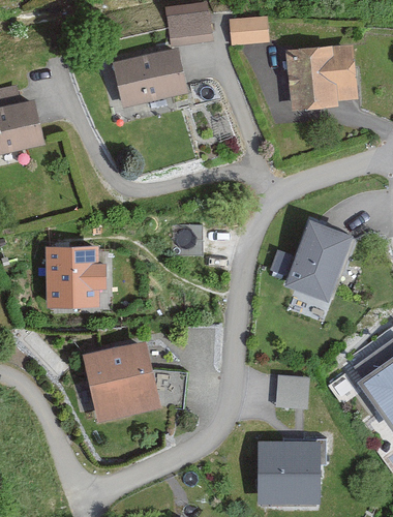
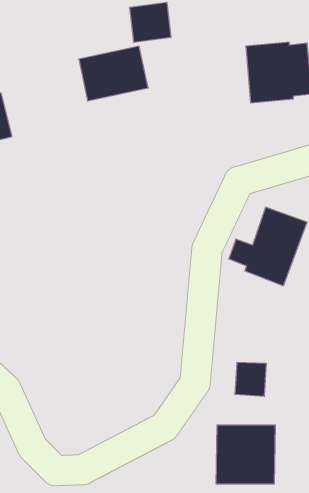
building: [230,18,269,44] -> none
building: [49,247,101,306] -> none
building: [84,340,186,422] -> none

